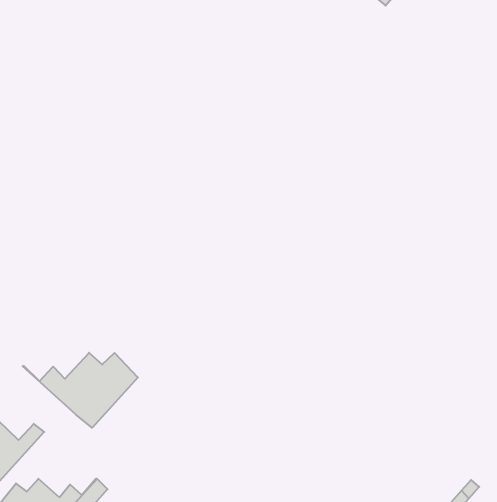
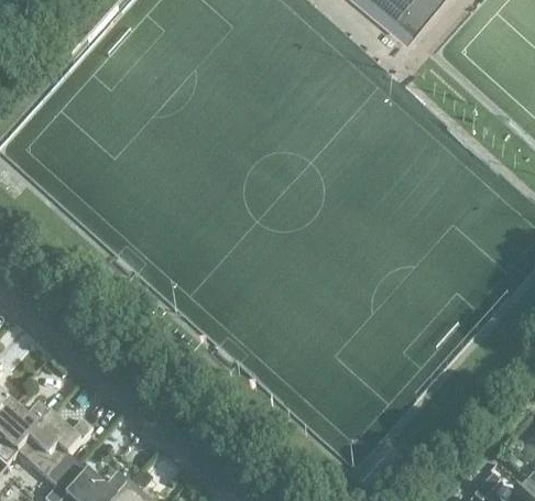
building: [23,353,138,428] -> none

